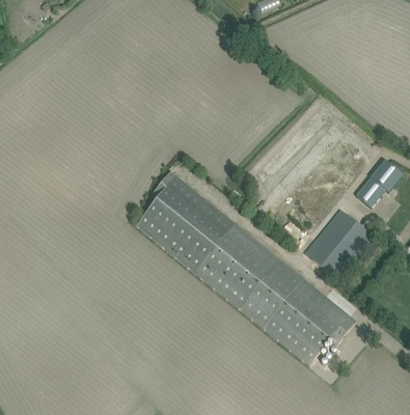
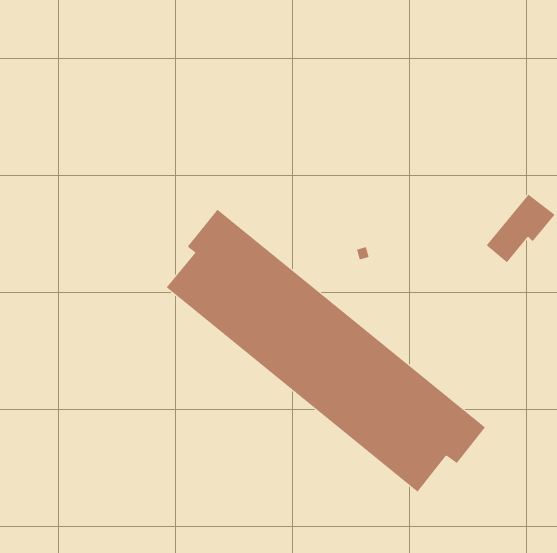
building: [303,209,372,279] -> none

